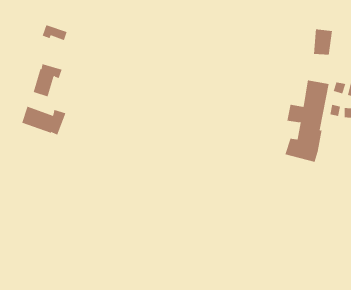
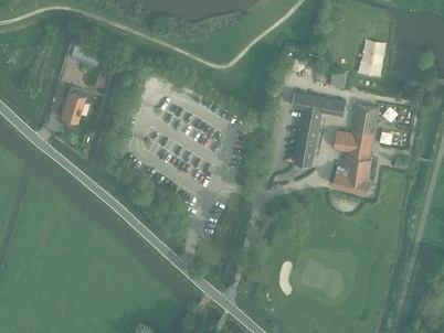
building: none -> [290,93,343,166]
building: [21,106,66,136] -> none

